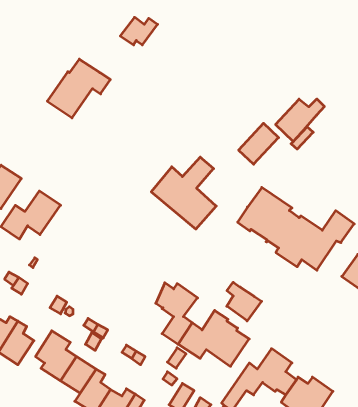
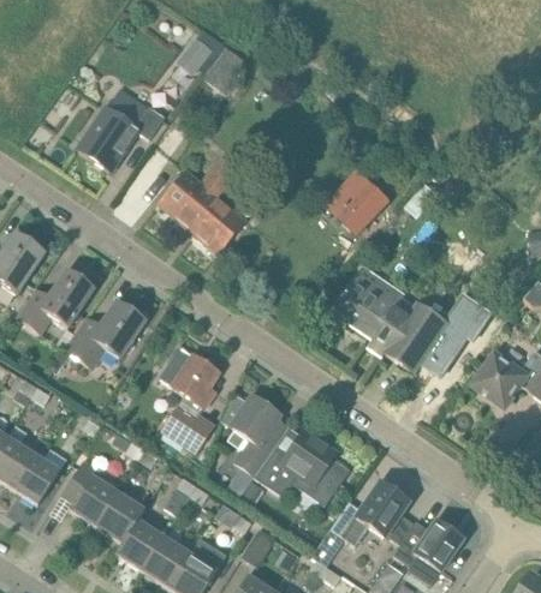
building: none -> [204,46,250,101]
building: [276,99,324,141] -> none
building: [151,157,216,229] -> [157,156,245,253]
building: none -> [67,303,144,366]
building: none -> [159,346,219,453]
building: [227,282,262,321] -> none

